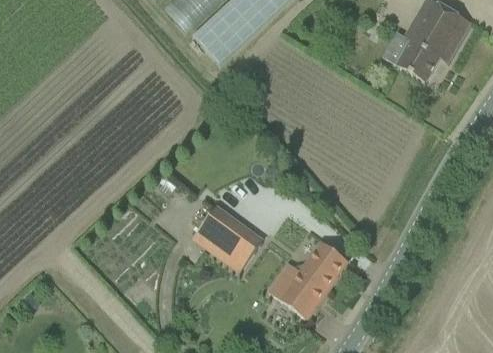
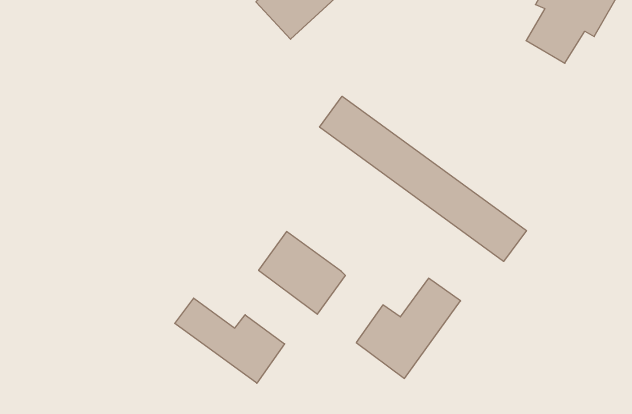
building: none -> [320,96,526,261]
building: none -> [175,298,285,383]

